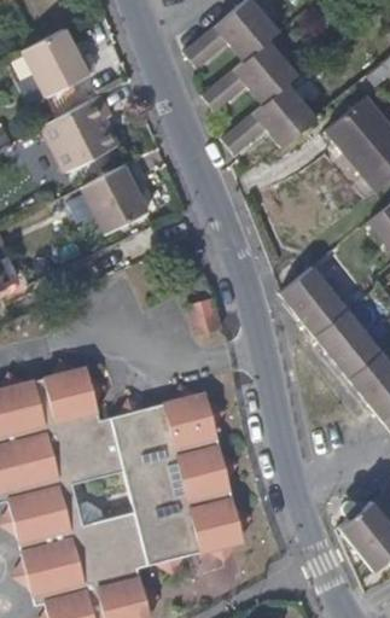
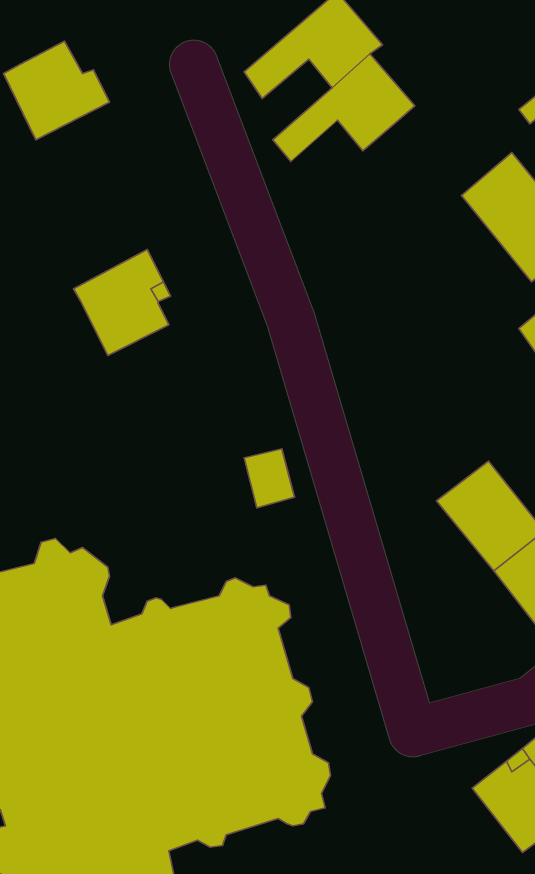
building: [222,81,319,153] -> none
building: [42,93,116,169] -> none
building: [278,266,348,337] -> none

